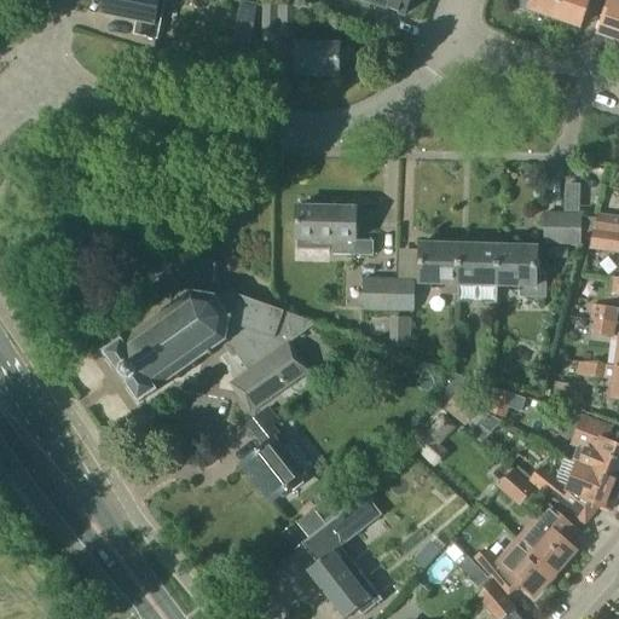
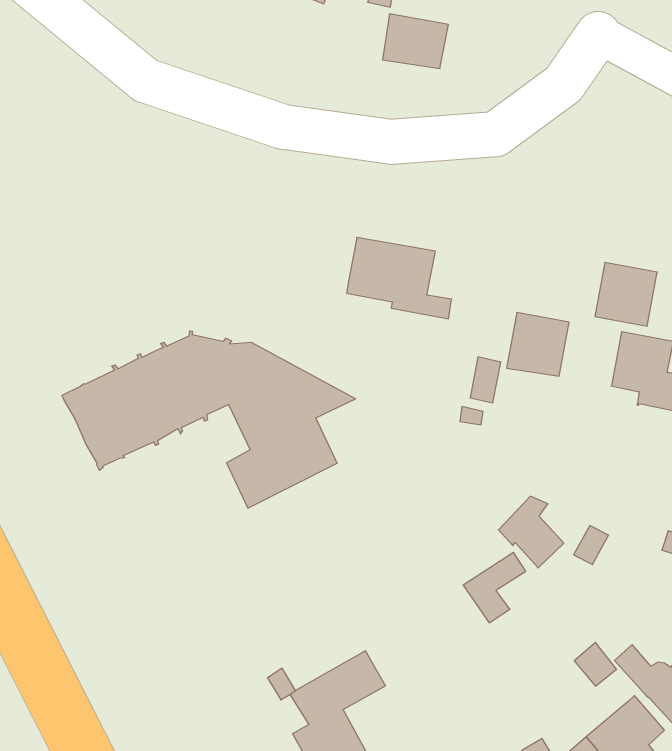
building: [458,243,498,284] -> [595,262,657,326]
building: [363,277,398,308] -> none
building: [241,407,302,499] -> none

